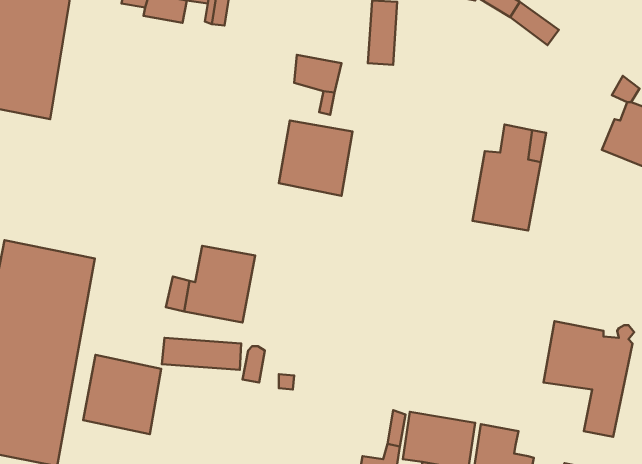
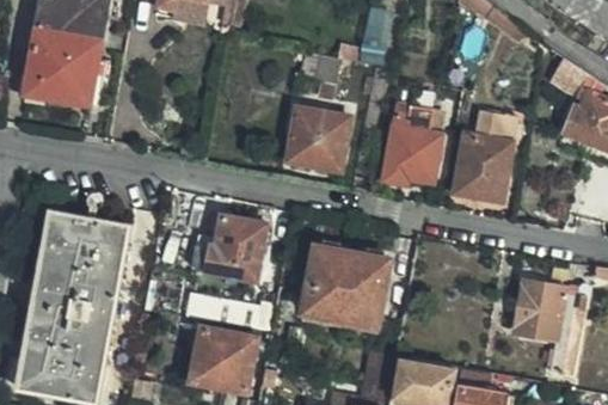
building: none -> [381,103,440,183]
building: none -> [301,245,389,326]
building: [83,355,161,434] -> [189,325,256,393]

